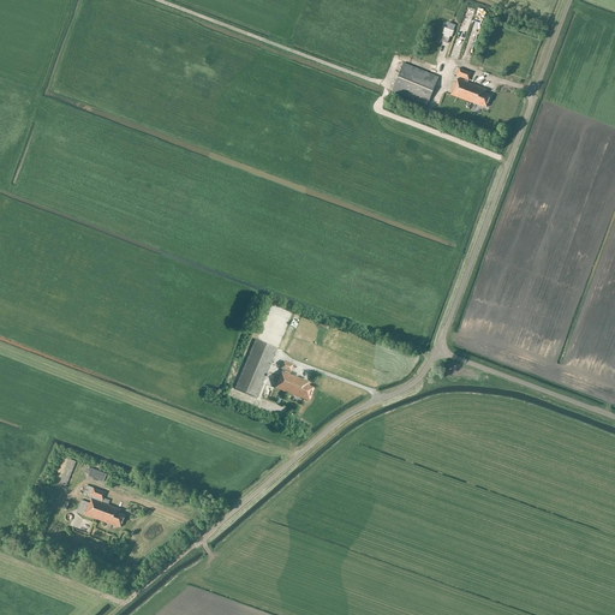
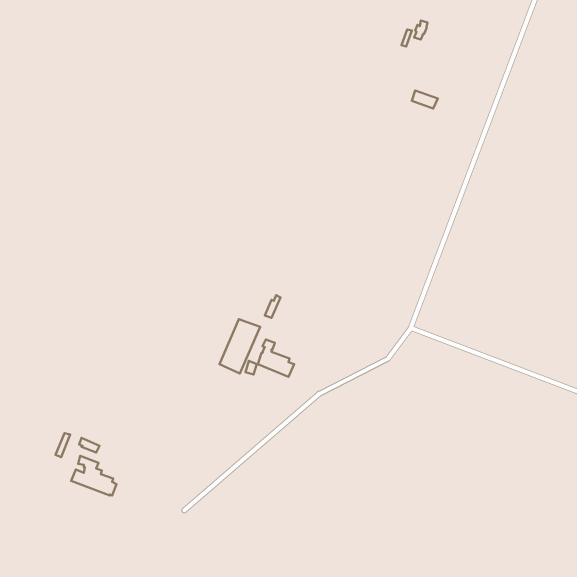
building: [392,62,437,105] -> none
building: [449,66,490,107] -> none

